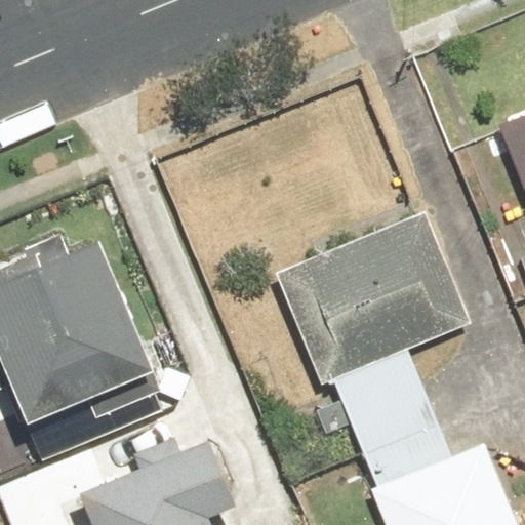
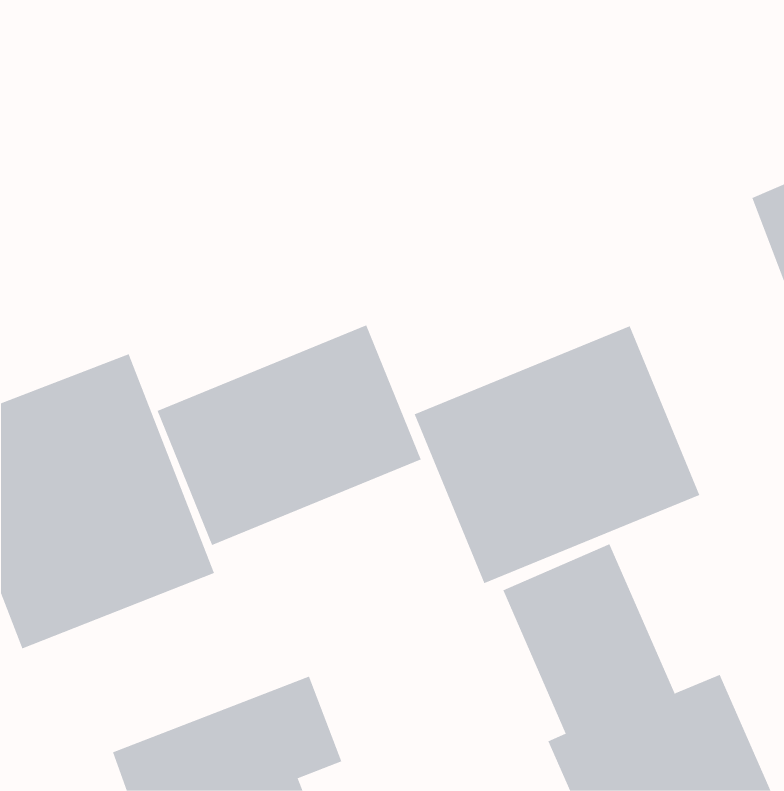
building: none -> [157,324,421,546]

